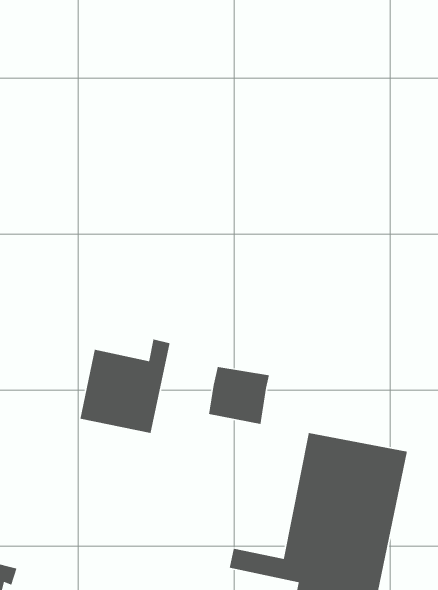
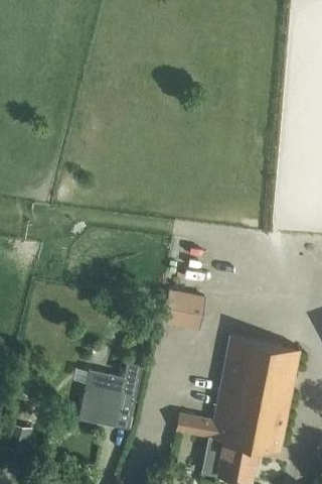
building: [79,339,170,434] -> [79,364,142,430]

